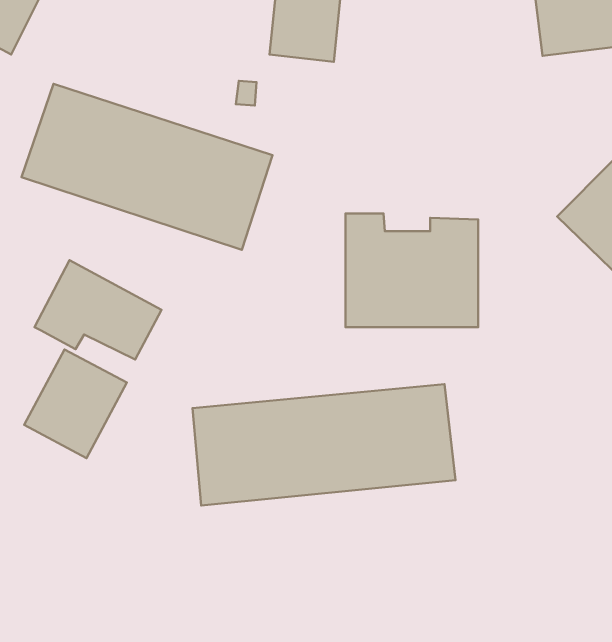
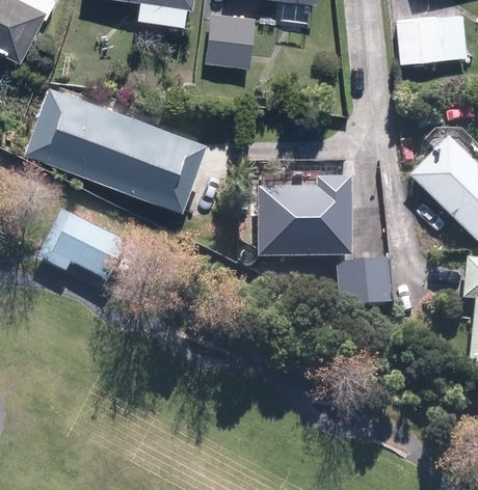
building: none -> [336,257,392,307]
building: [24,349,127,458] -> none
building: [192,384,455,506] -> none

